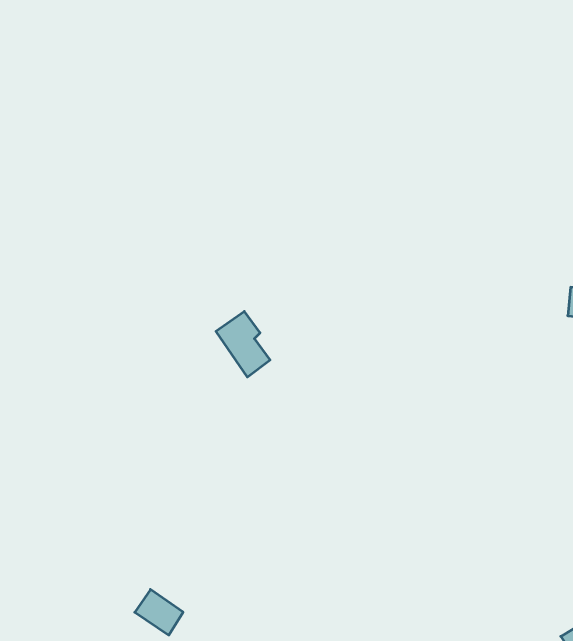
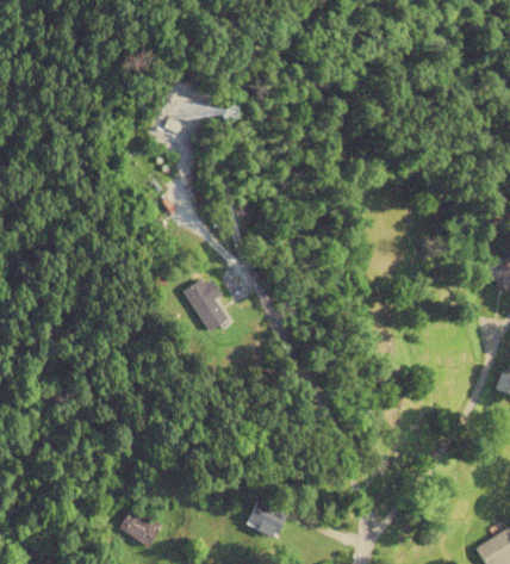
building: none -> [244,500,286,540]

